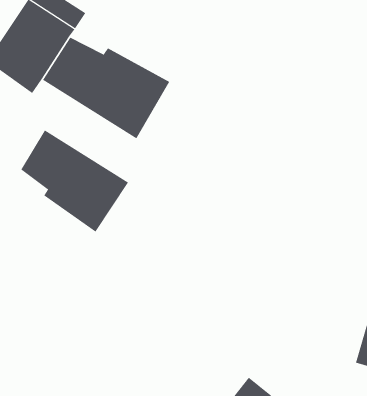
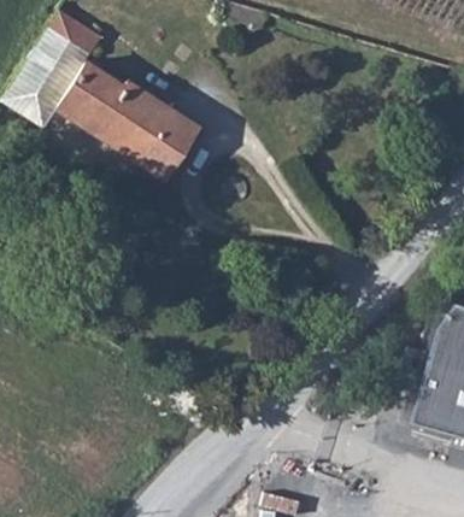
building: [20,129,129,233] -> none

